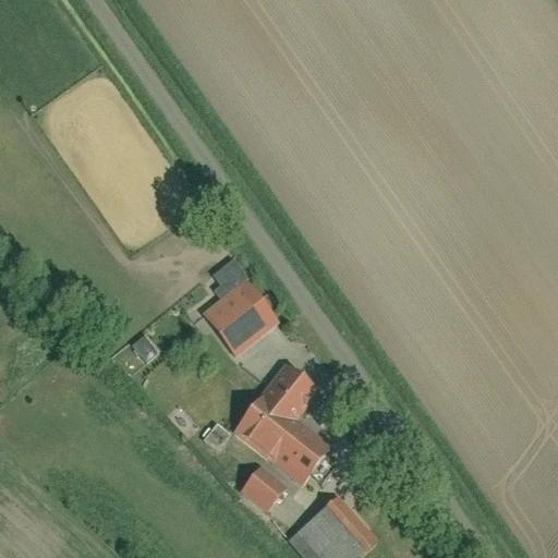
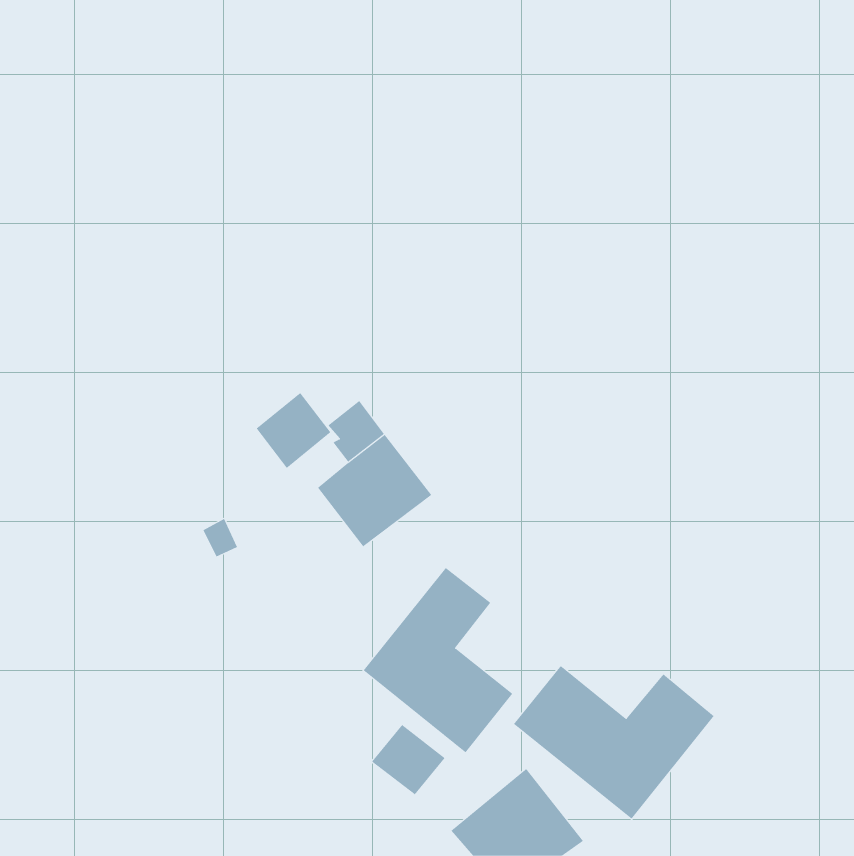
building: none -> [256,392,331,469]
building: none -> [513,665,715,819]

